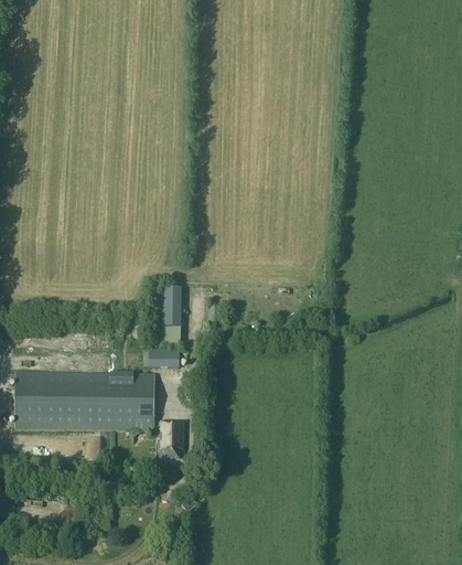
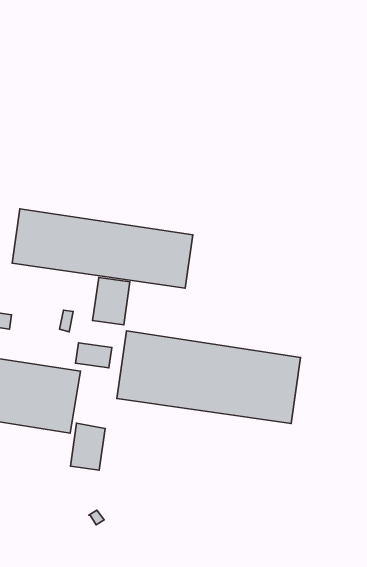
building: none -> [12,209,193,288]
building: none -> [117,331,300,423]

